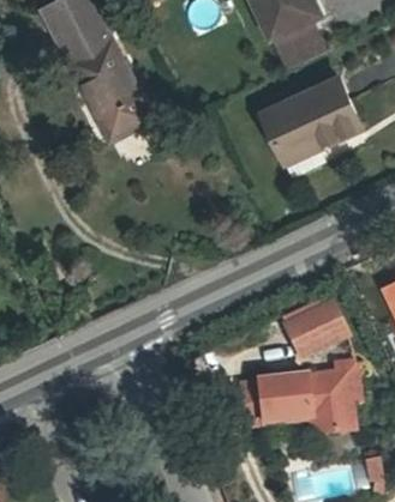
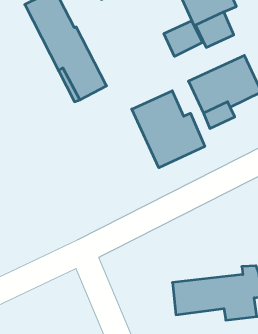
building: none -> [164,21,202,56]
building: none -> [132,91,205,168]
building: [285,301,347,356] -> none

